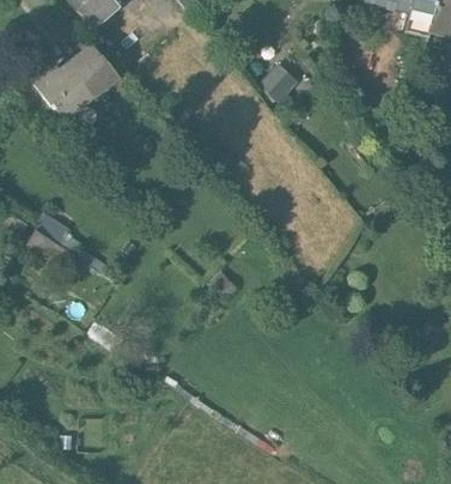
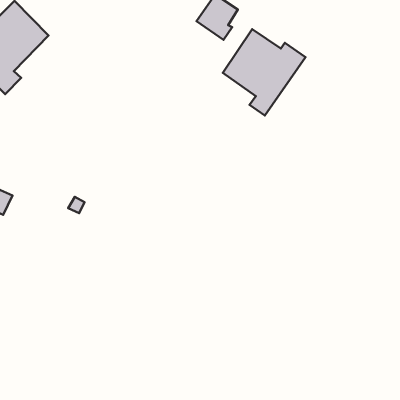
building: none -> [223,29,306,116]

